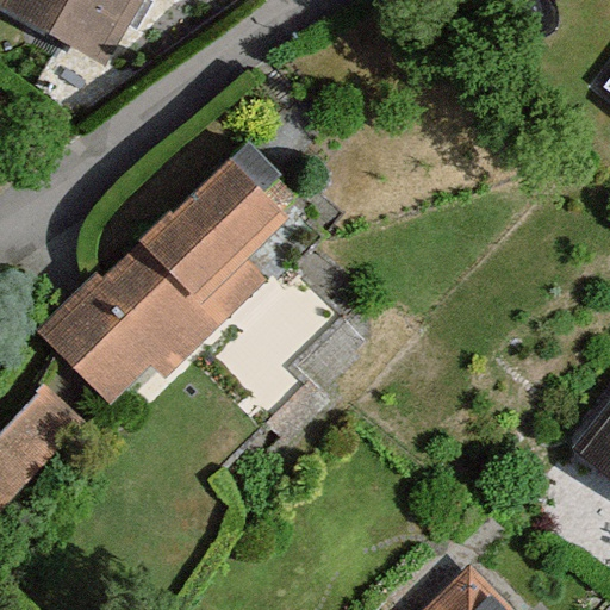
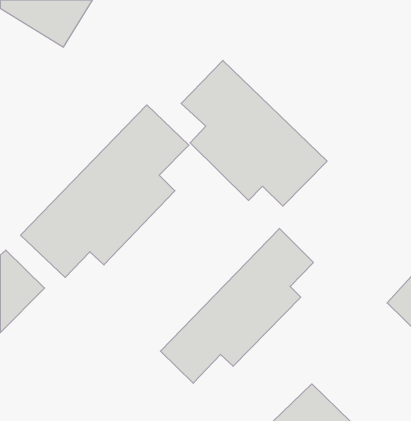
building: none -> [181,60,327,206]
building: none -> [160,228,313,383]

